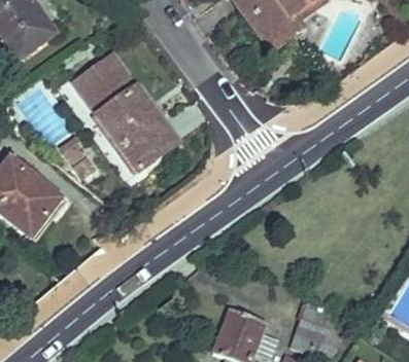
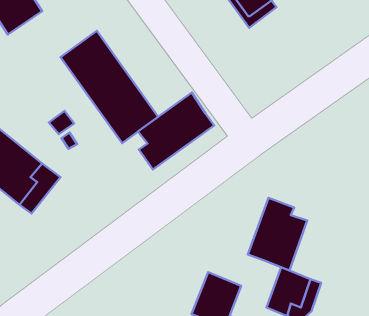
building: none -> [138,92,214,169]
building: none -> [248,198,307,271]

